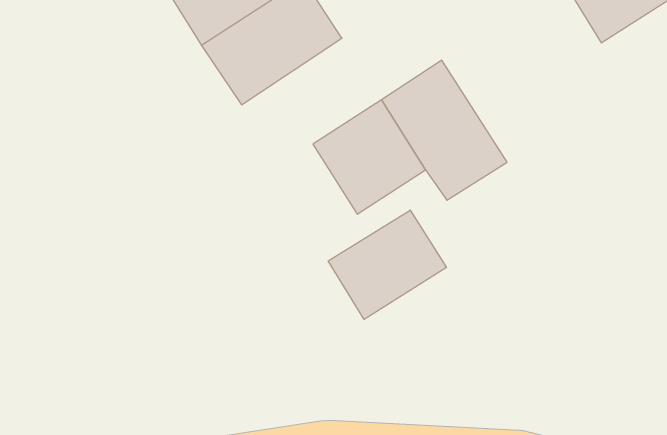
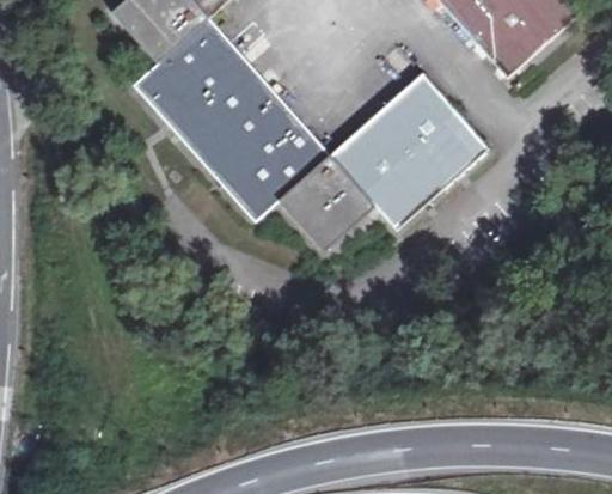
building: none -> [375,71,489,188]
building: none -> [214,105,330,219]
building: [328,210,446,319] -> none

